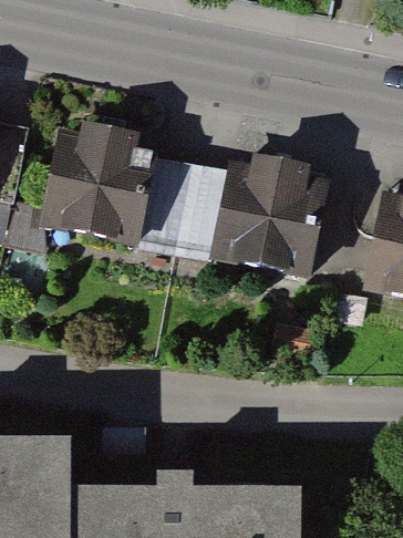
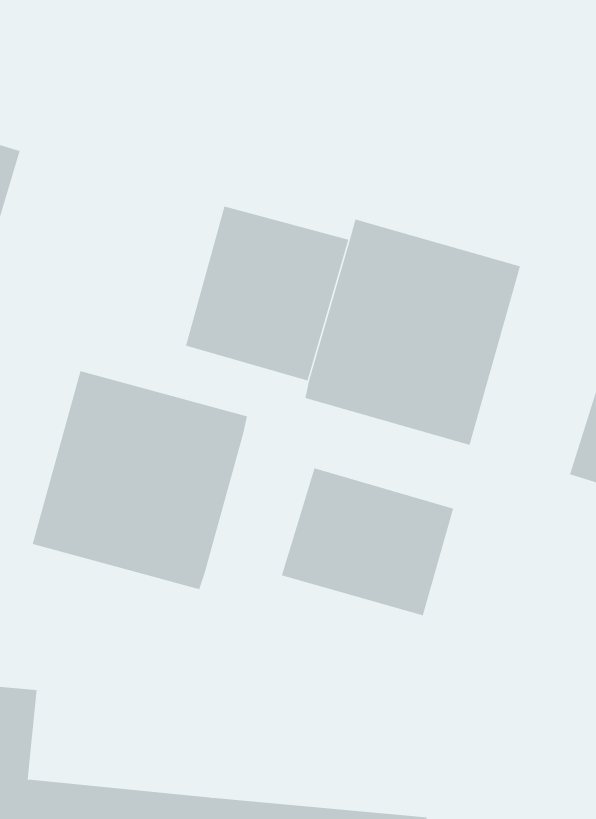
building: [33,125,151,245] -> [32,370,248,590]
building: none -> [281,467,454,616]

